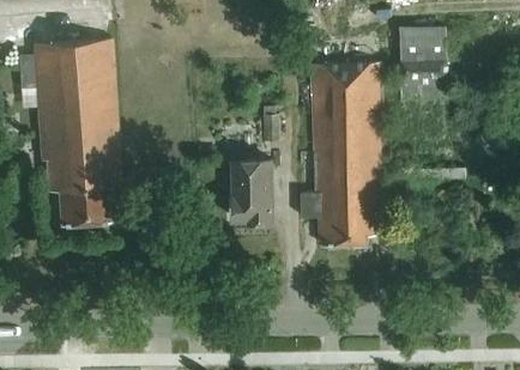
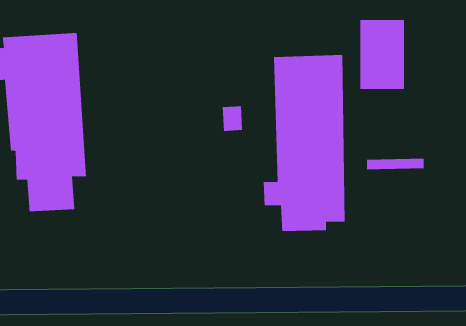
building: [234,160,273,222] -> none

